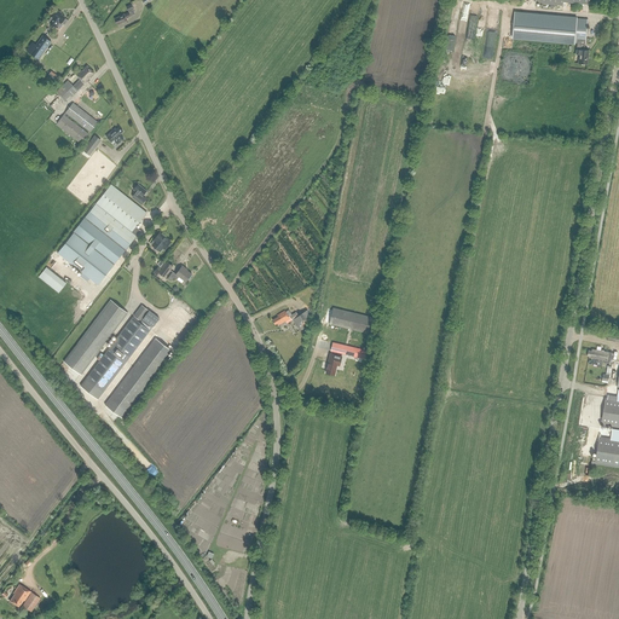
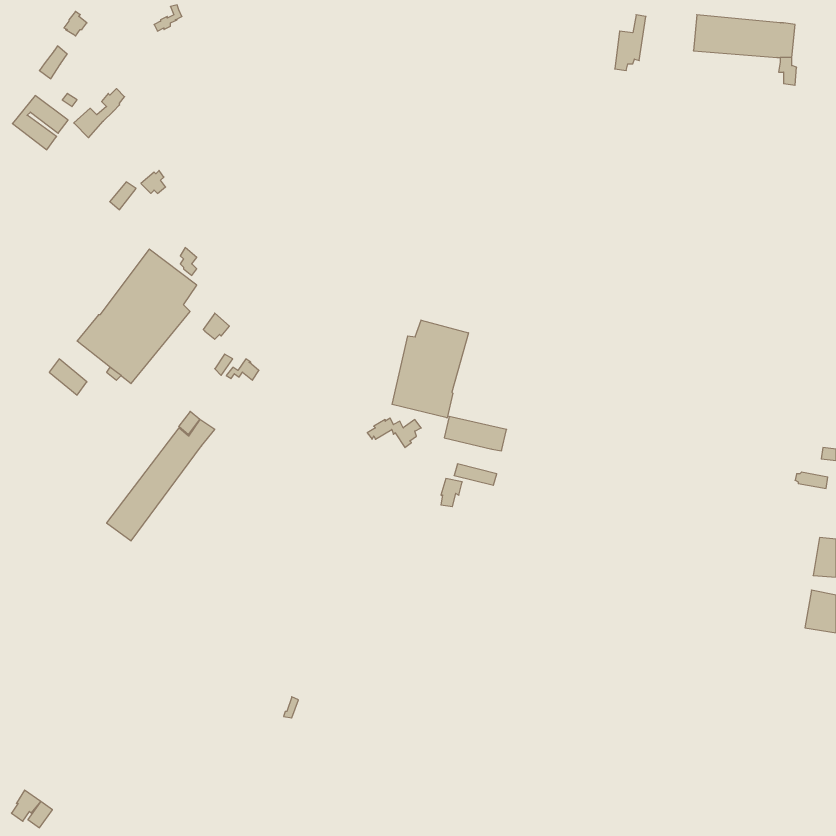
building: [54,103,96,143] -> [12,96,68,150]
building: none -> [392,320,468,418]
building: [63,299,127,374] -> none
building: [104,337,170,417] -> none

